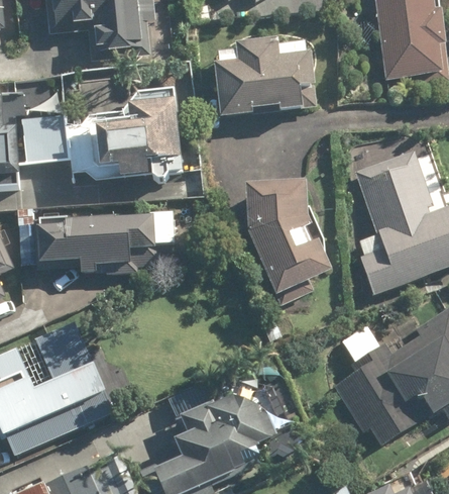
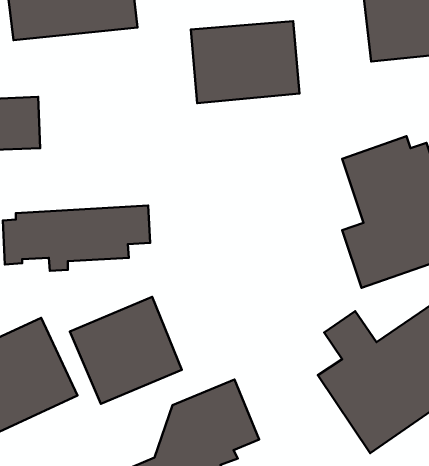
building: [91,100,177,182] -> none
building: [244,181,332,298] -> none
building: none -> [70,297,182,404]

